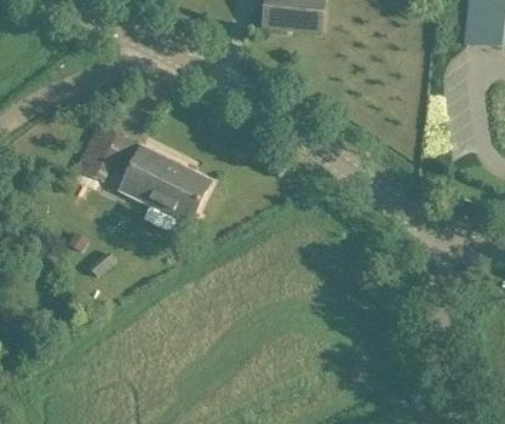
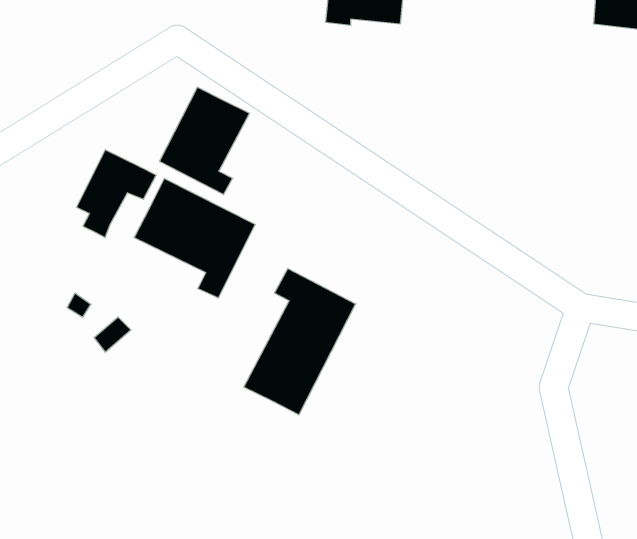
building: none -> [160,87,249,195]
building: none -> [244,269,356,415]

